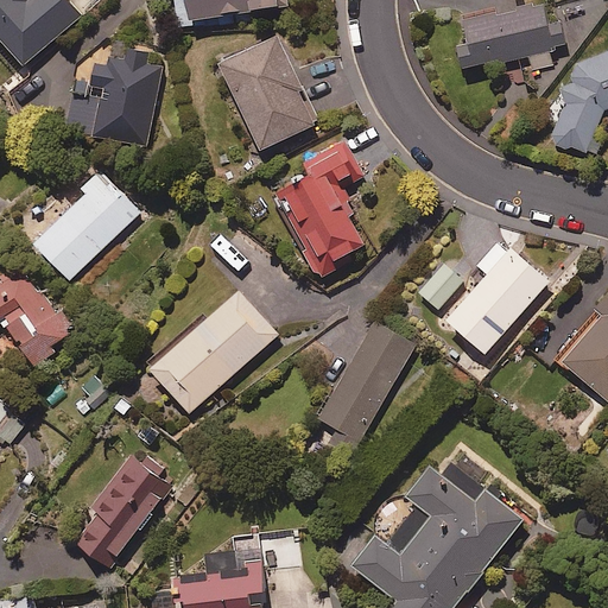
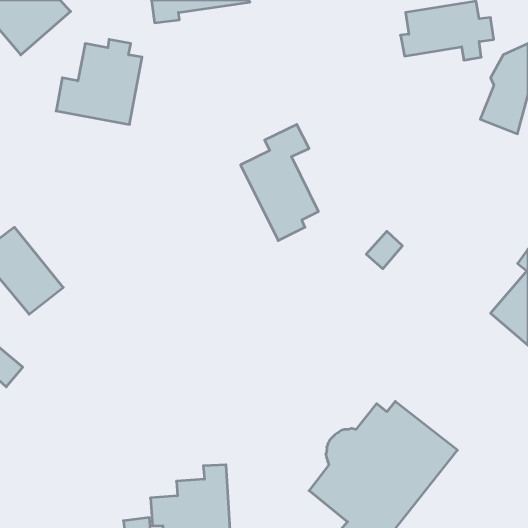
building: [220,33,316,148] -> none
building: [38,169,141,281] -> none
building: [446,239,550,353] -> none
building: [150,290,278,412] -> none
building: [318,322,416,458] -> none
building: [72,455,162,568] -> none

